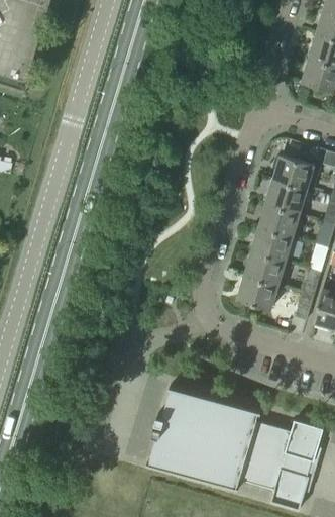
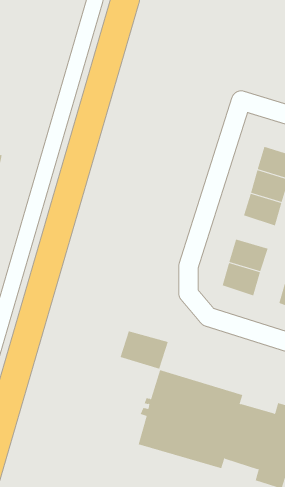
building: [251,225,293,260] -> none
building: none -> [120,330,169,369]

